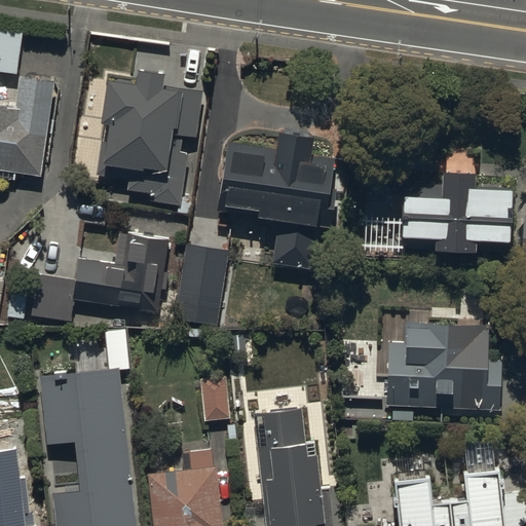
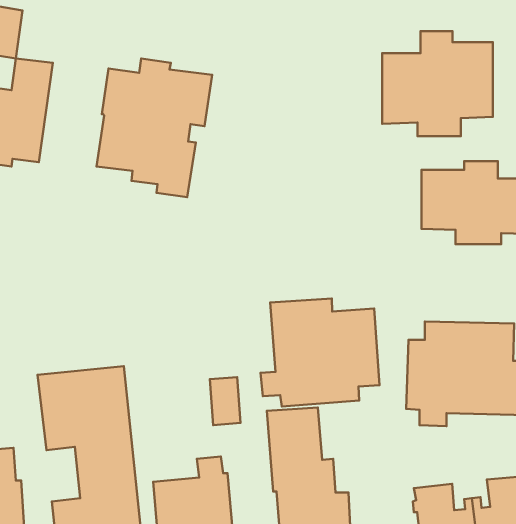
building: none -> [382,31,493,136]
building: [217,138,340,271] -> none
building: [31,231,168,317] -> none
building: [175,242,228,325] -> none
building: none -> [261,298,380,406]

